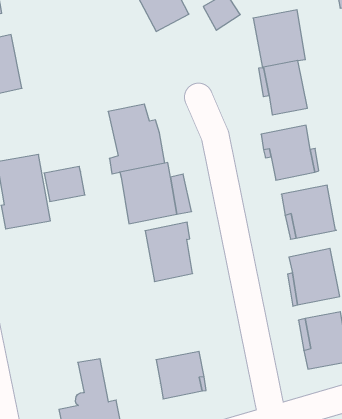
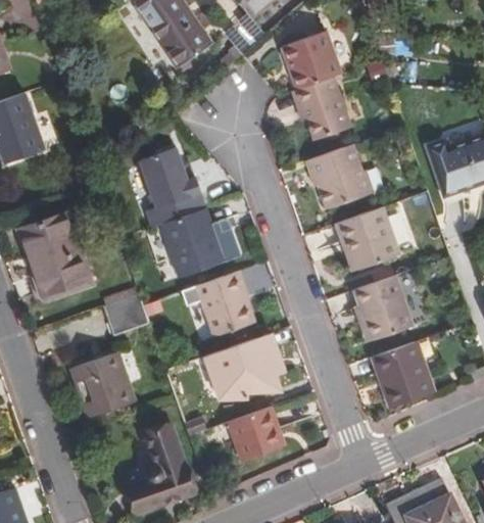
building: [44,166,85,201] -> [103,296,150,338]
building: none -> [206,334,277,396]
building: none -> [71,354,135,419]

